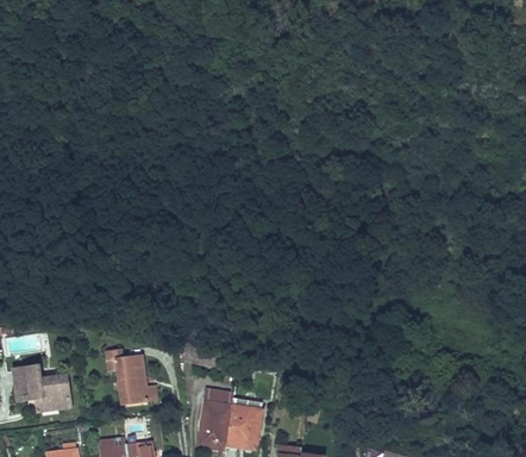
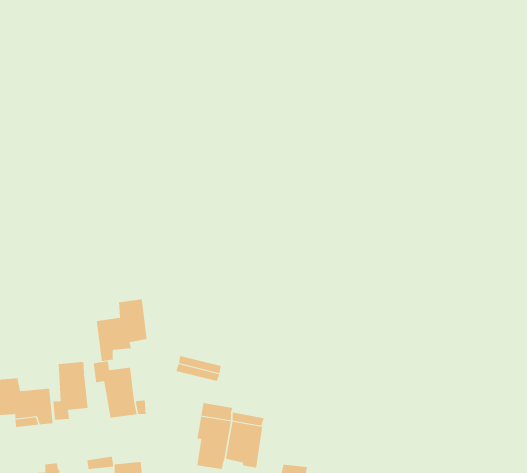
building: none -> [96,298,147,362]
building: none -> [53,361,88,421]

